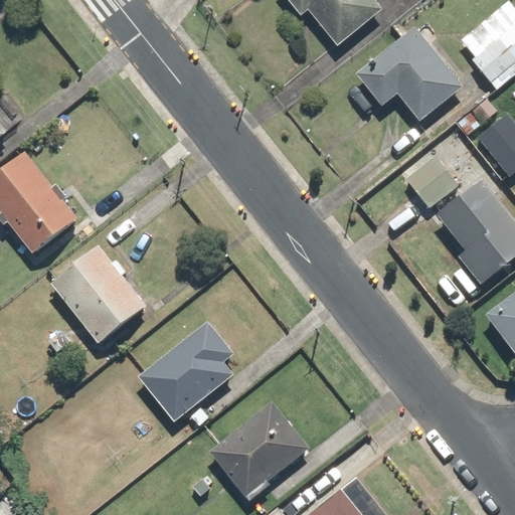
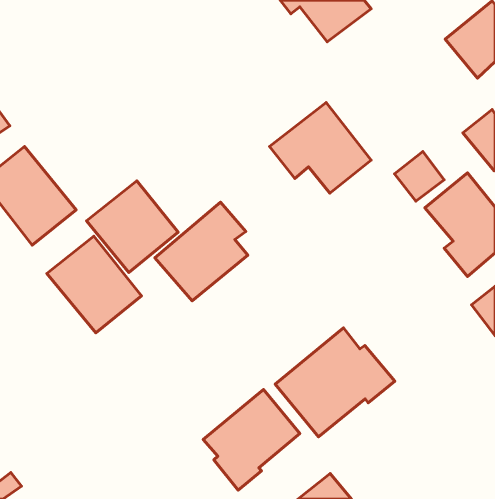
building: [356,26,461,120] -> [269,102,371,193]
building: none -> [87,181,178,272]
building: [138,321,233,422] -> [155,202,248,301]
building: none -> [275,328,395,437]

